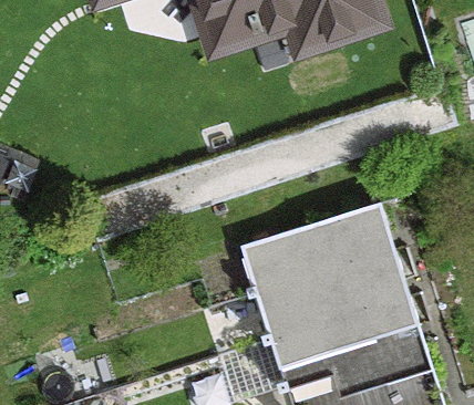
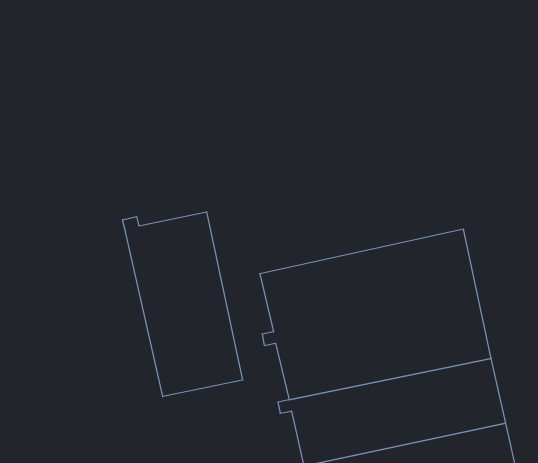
building: none -> [123,212,243,397]

